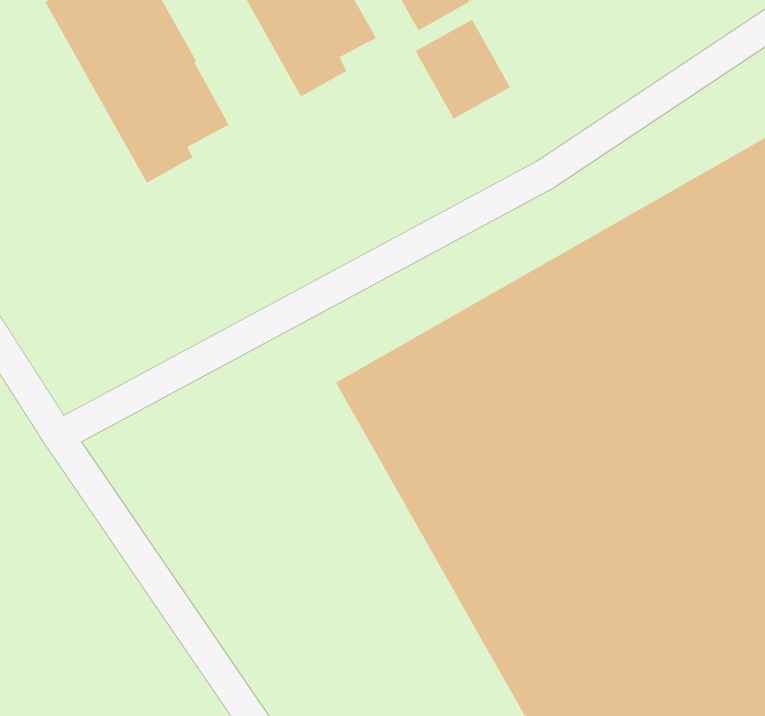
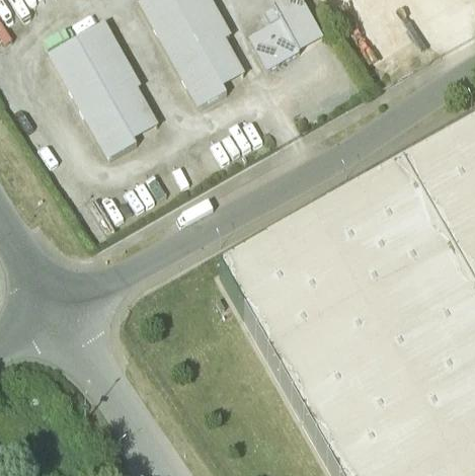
building: [415,19,511,120] -> none

